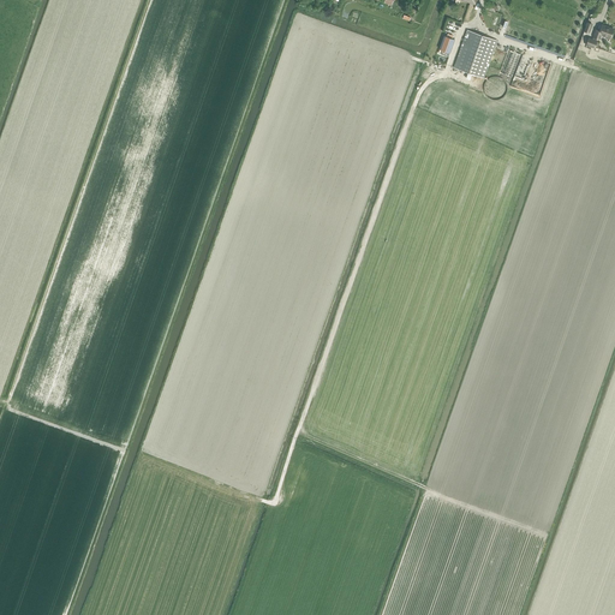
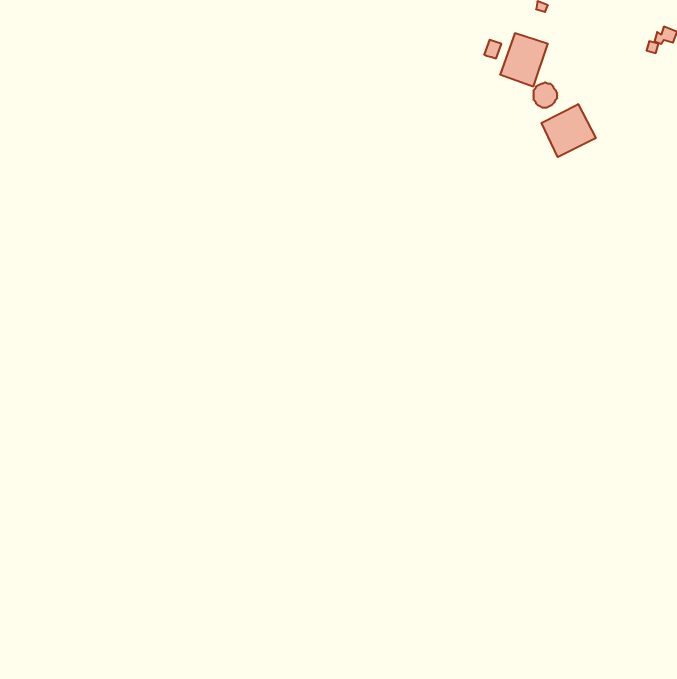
building: none -> [541,104,596,157]

